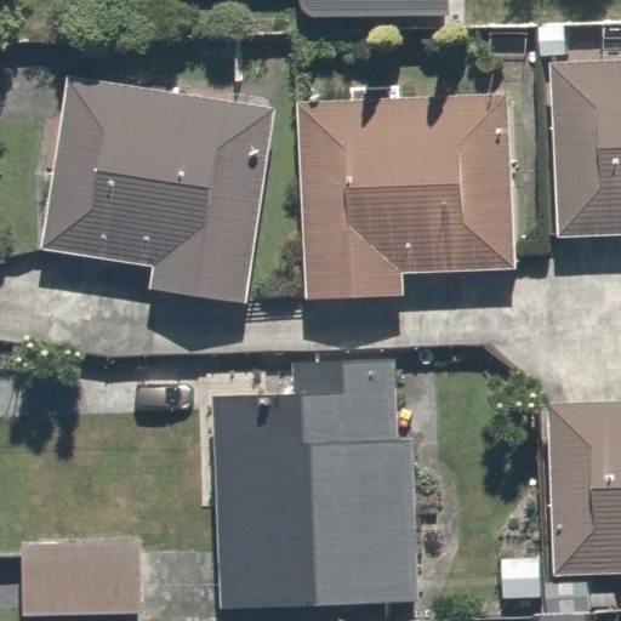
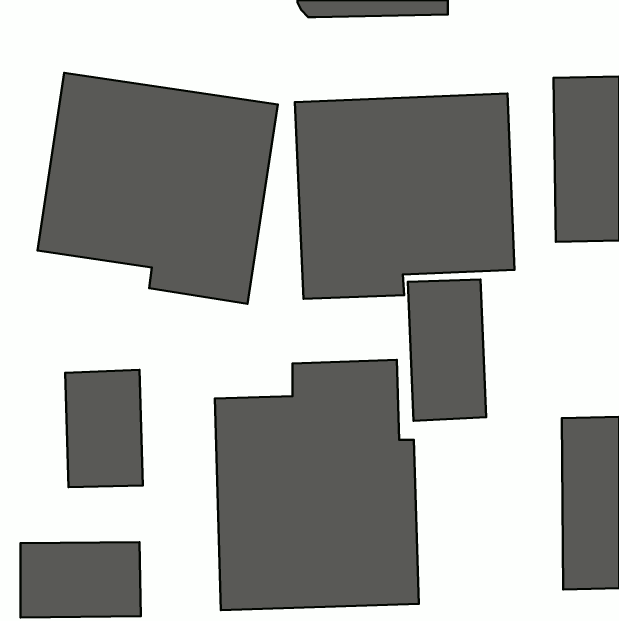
building: none -> [408,279,486,421]
building: none -> [65,370,143,487]

